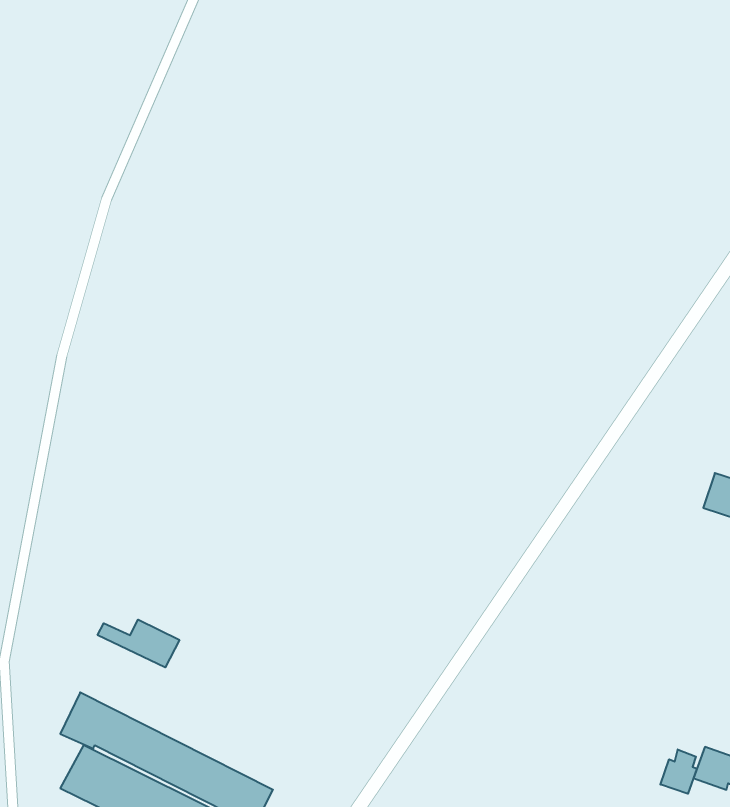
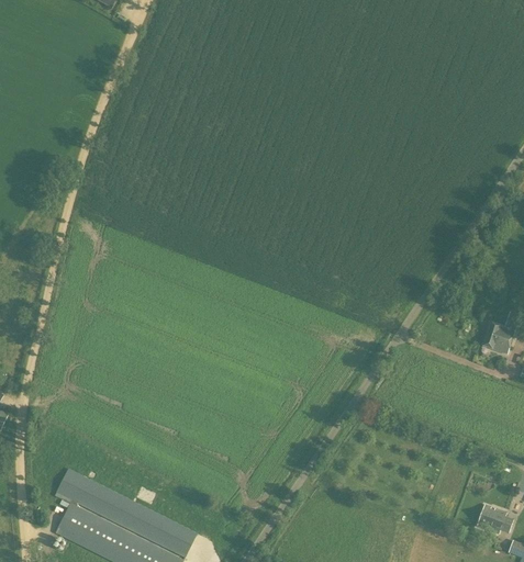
building: [98,620,179,667] -> none
building: [660,749,697,794] -> none

